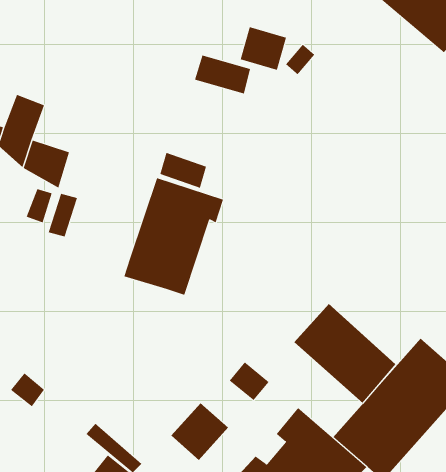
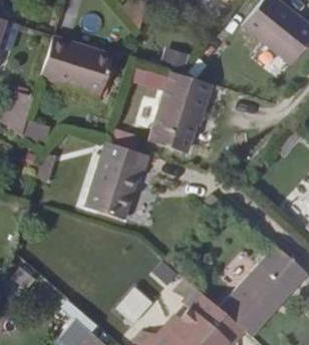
building: none -> [42,38,113,97]
building: none -> [149,74,212,154]
building: [294,303,396,403] -> none

